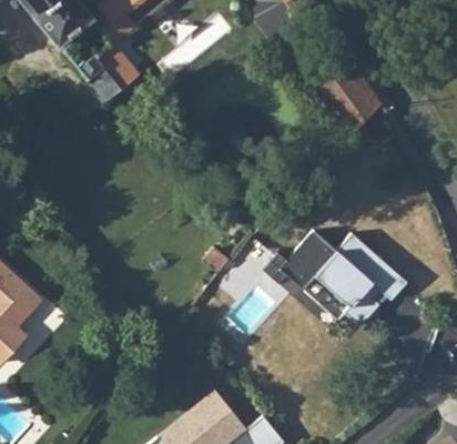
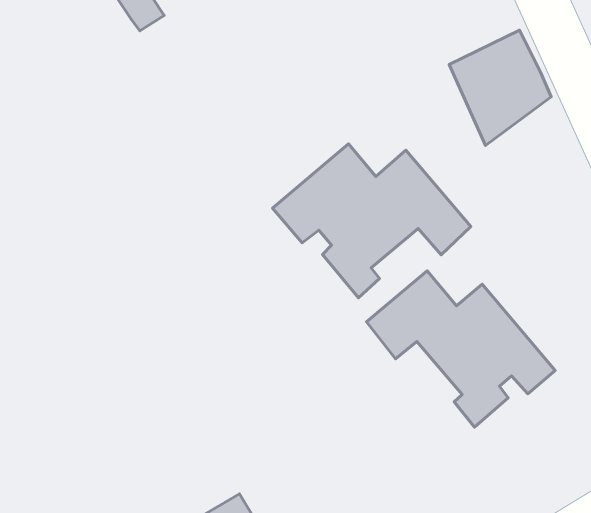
building: none -> [273,144,471,298]

